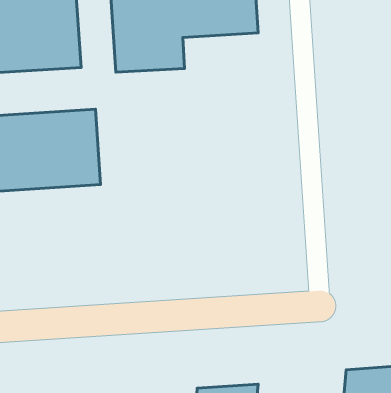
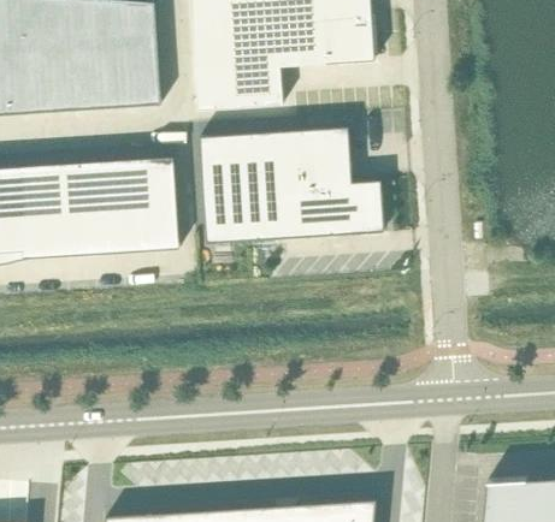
building: none -> [200,125,384,242]

